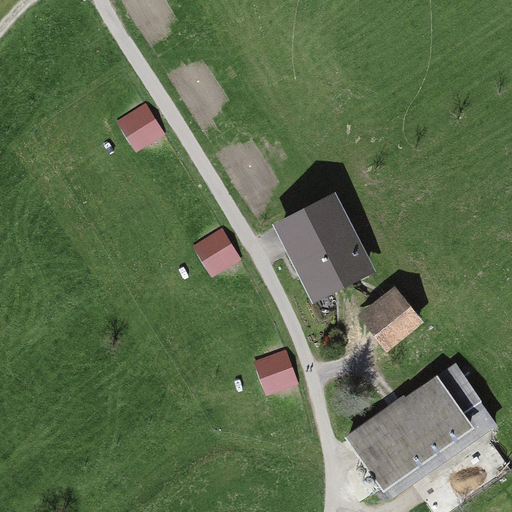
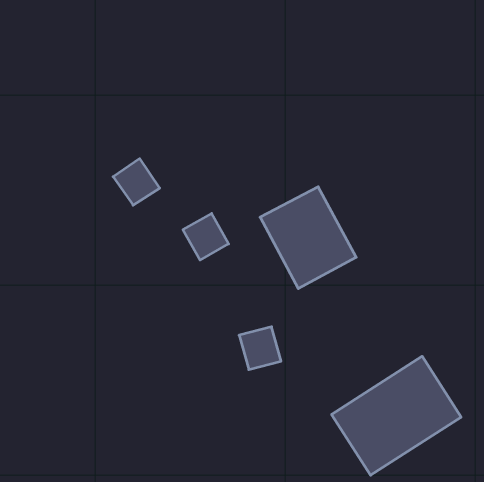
building: [114,98,163,147] -> [113,159,160,205]
building: [355,284,421,351] -> none

